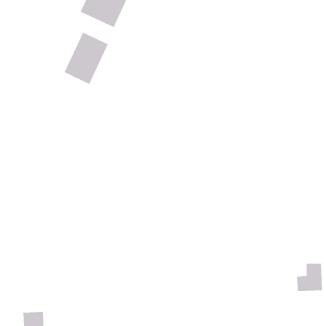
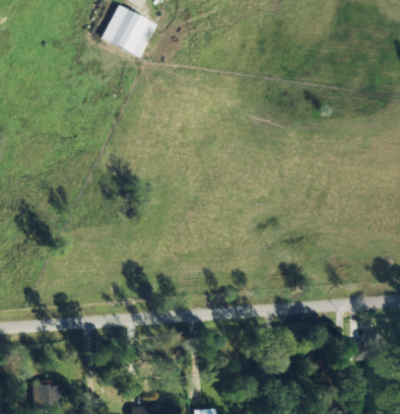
building: [64,32,108,85] -> none

